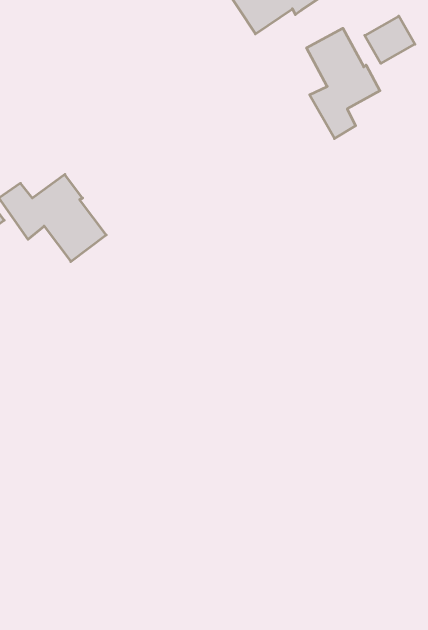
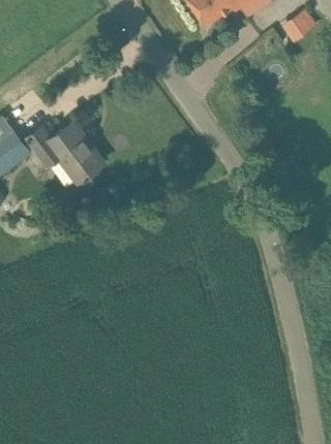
building: [307,28,380,139] -> none

